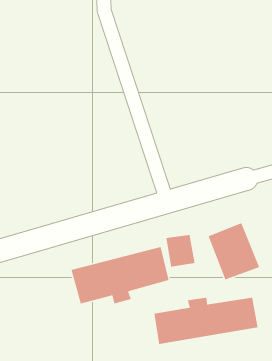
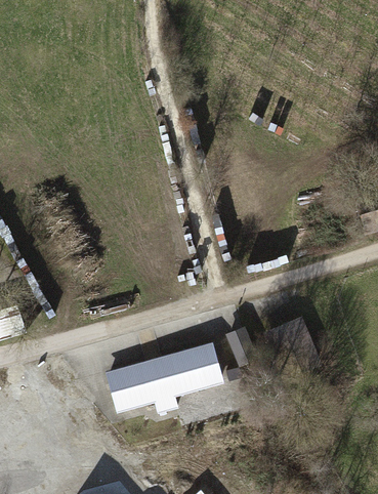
building: [153,297,258,345] -> none

